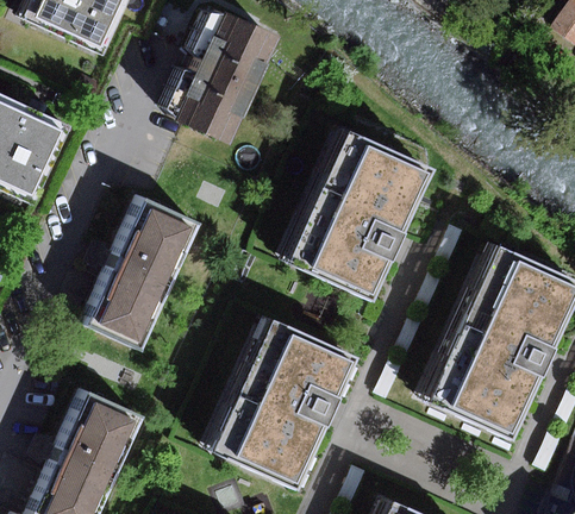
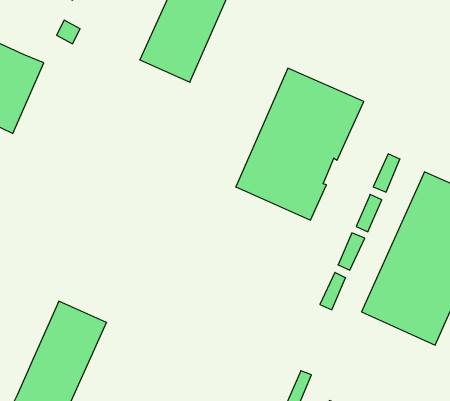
building: [87,199,194,347] -> none
building: [210,314,351,484] -> none

